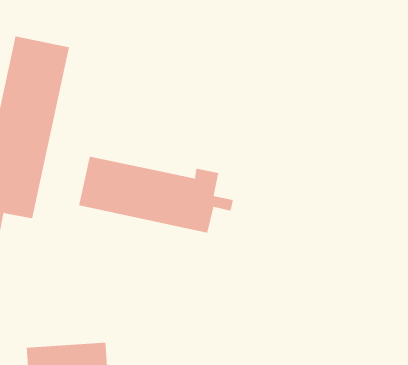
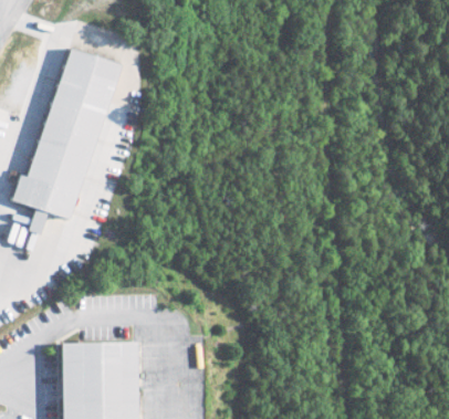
building: [78,156,233,234] -> none

